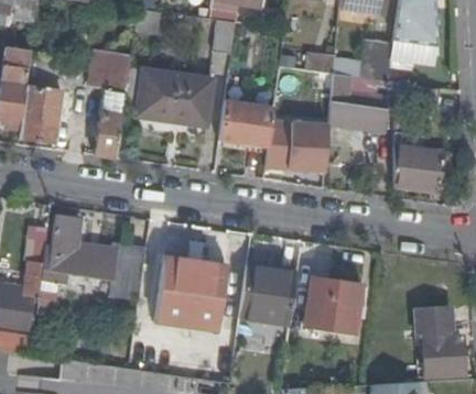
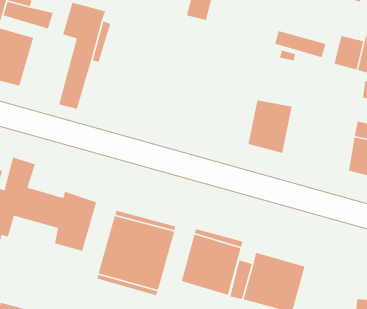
building: [136,68,215,123] -> none
building: [328,75,388,133] -> none
building: [218,102,274,146] -> none

